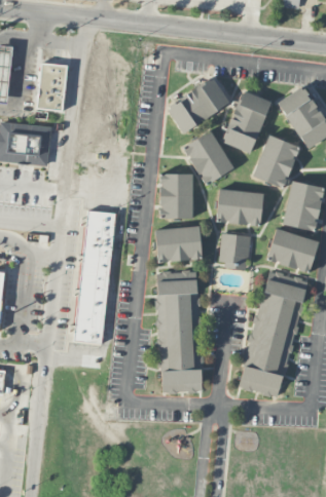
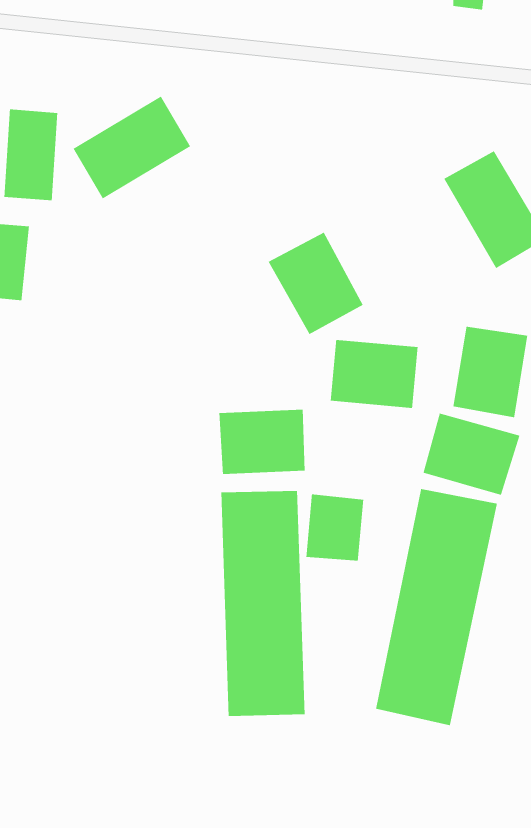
building: [166,77,230,133] -> [72,96,191,199]
building: [221,90,270,154] -> none
building: [252,135,299,189] -> none
building: [158,174,192,218] -> none
building: [74,209,115,344] -> none
building: [218,232,250,269] -> [306,493,364,561]

